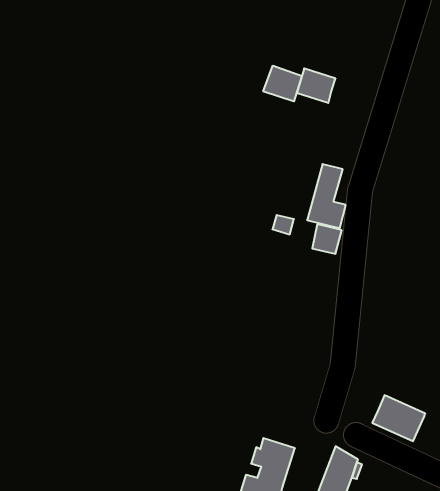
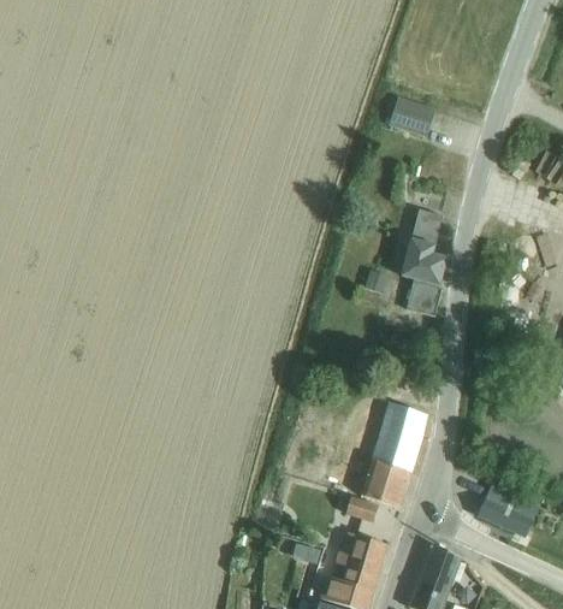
building: [263,66,302,101] -> none
building: none -> [356,402,426,546]

